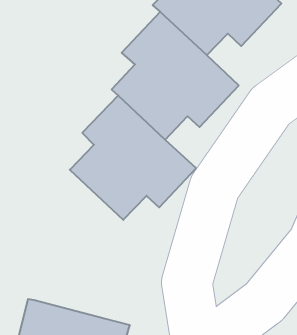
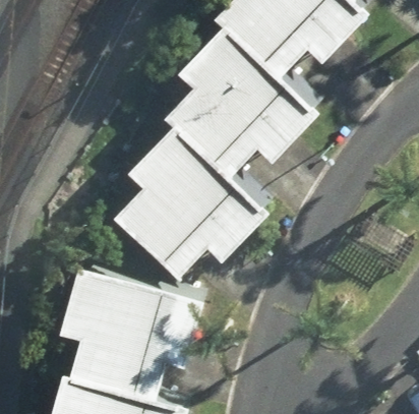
building: none -> [69,263,210,391]

